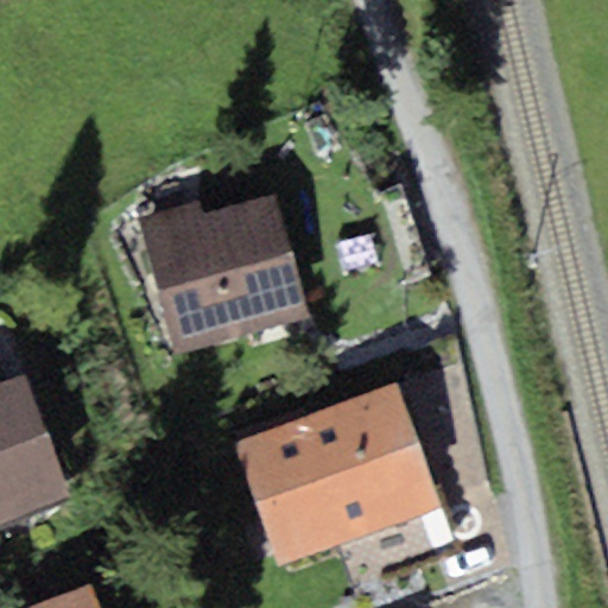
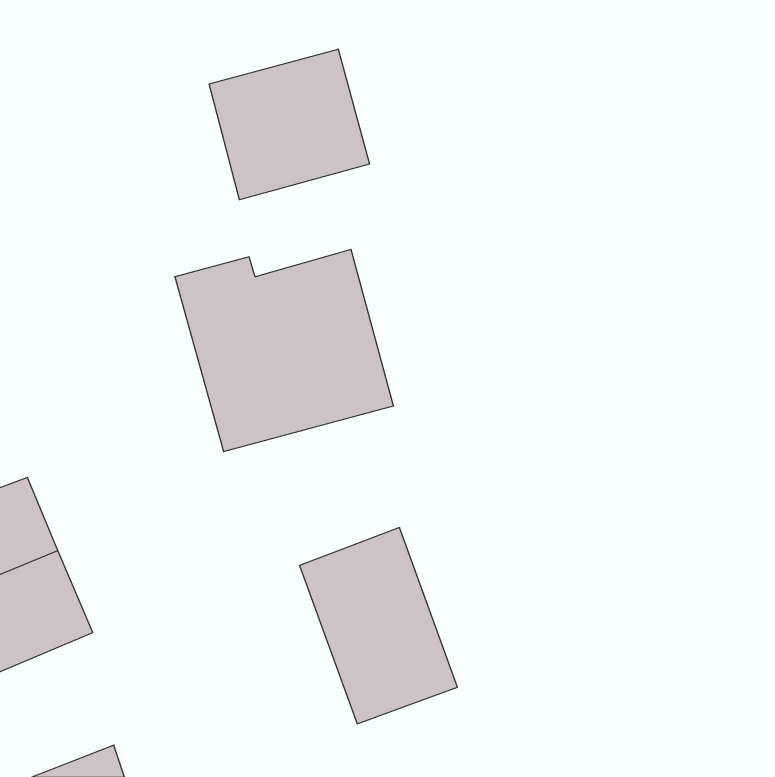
building: none -> [209,49,369,200]
building: [312,382,438,537] -> none

